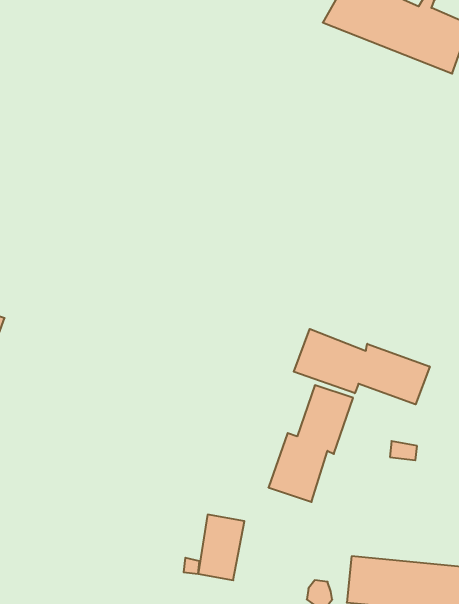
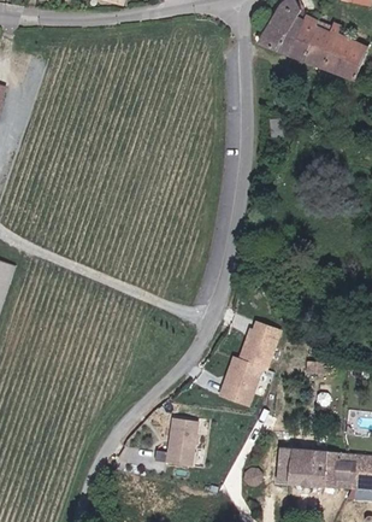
building: [294,329,430,404] -> none

